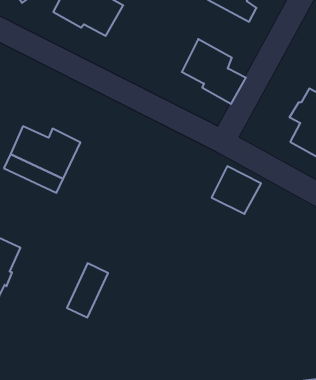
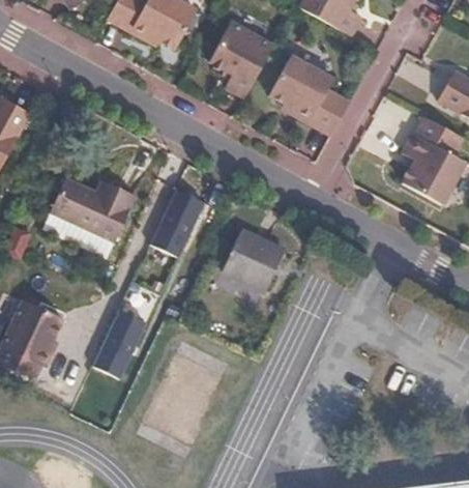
building: none -> [209,25,271,99]
building: none -> [149,189,202,256]
building: [212,166,261,214] -> [221,228,283,288]
building: [67,263,108,318] -> [92,309,144,377]

